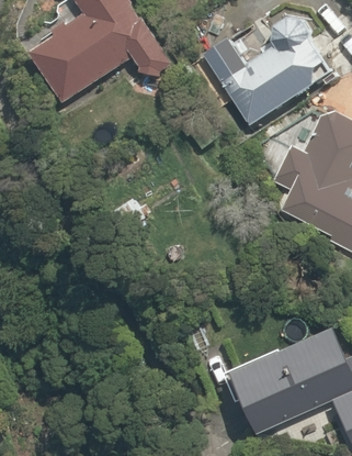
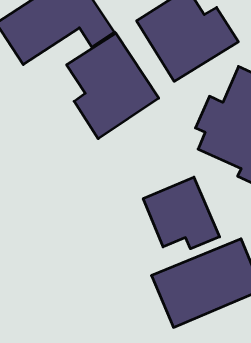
building: none -> [67,33,159,139]
building: none -> [143,177,220,249]

